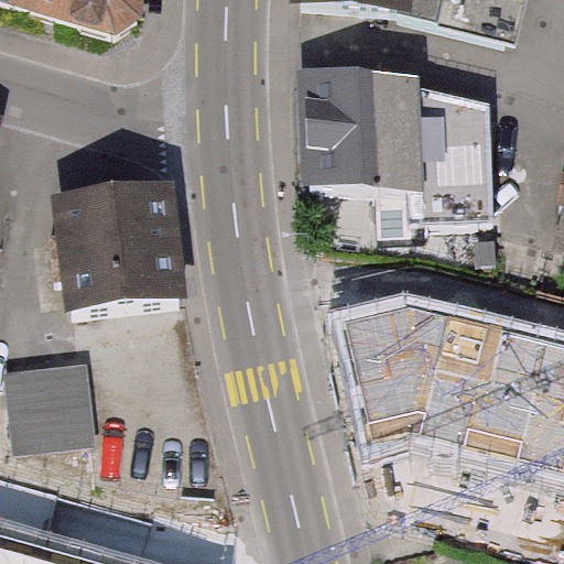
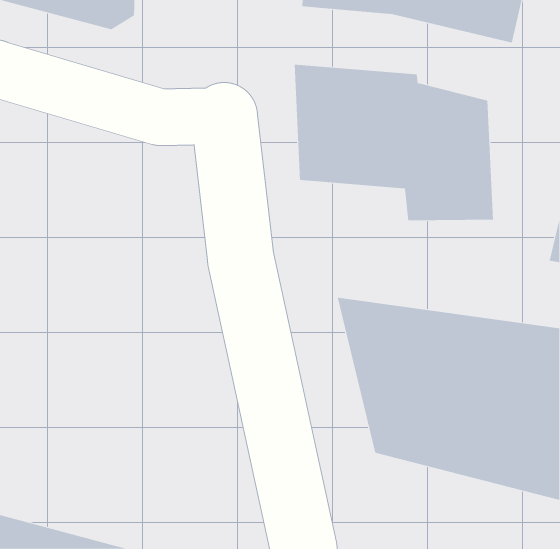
building: [62,187,170,312] -> none
building: [6,358,97,447] -> none

